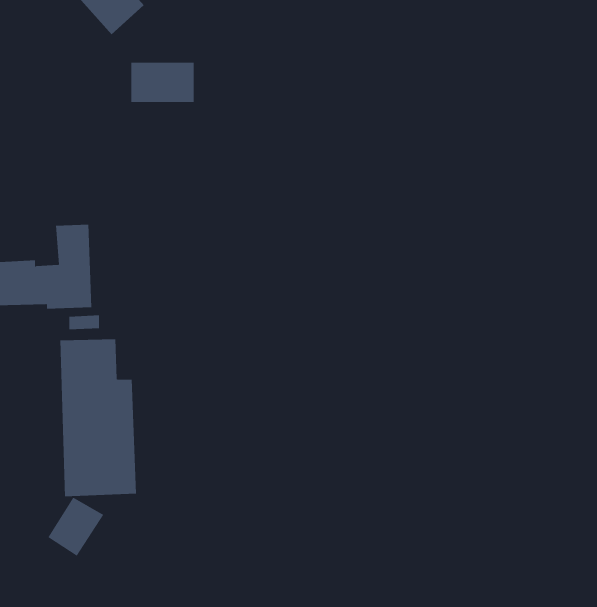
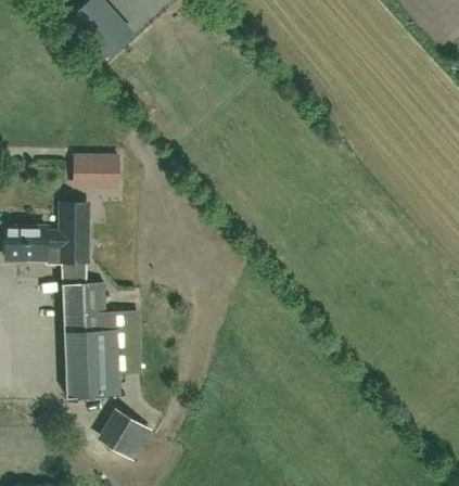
building: [130,62,194,102] -> [74,154,120,183]
building: [48,497,104,556] -> [107,417,149,460]

